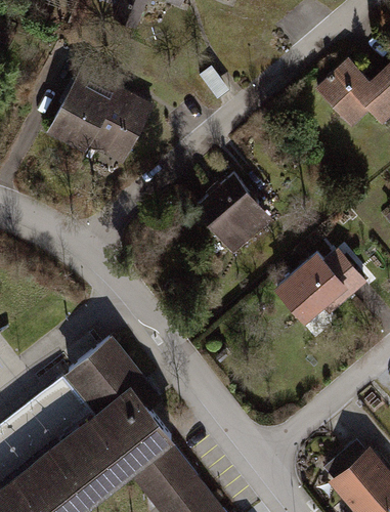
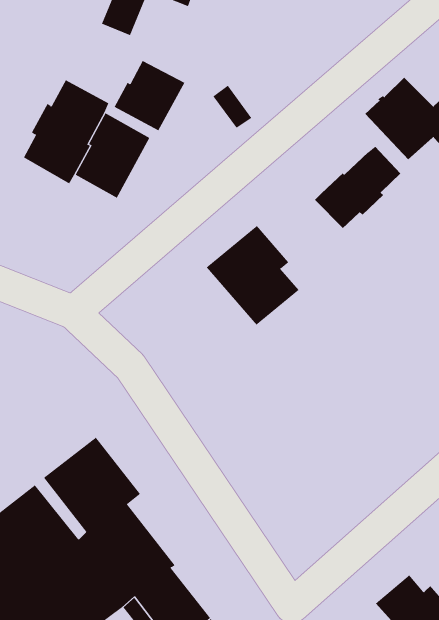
building: none -> [114,60,185,131]
building: none -> [314,146,401,229]
building: [278,254,364,319] -> none

